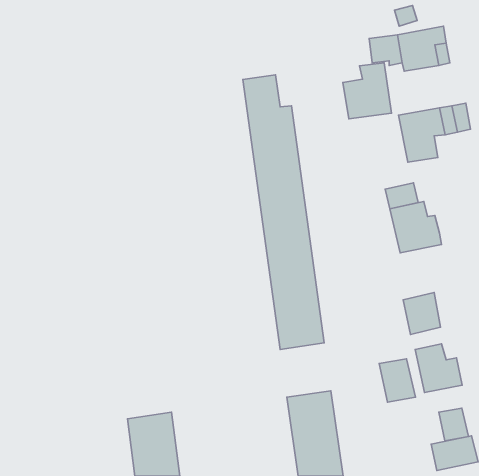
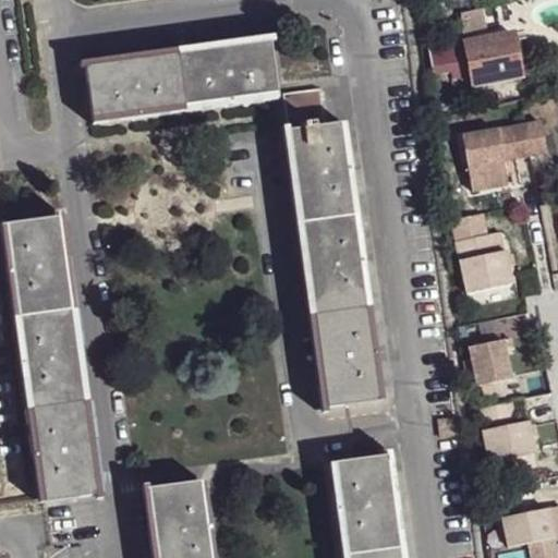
building: none -> [85,40,277,118]
building: [343,63,392,119] -> none
building: none -> [7,217,96,500]
building: [379,359,415,402] -> none
building: [439,408,468,441] -> none

